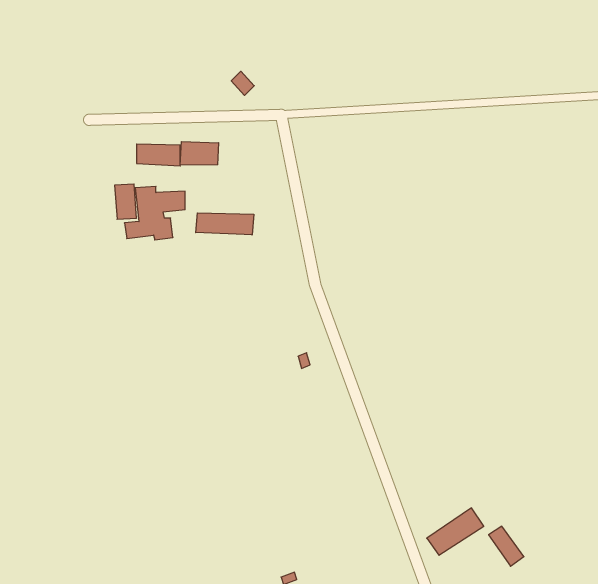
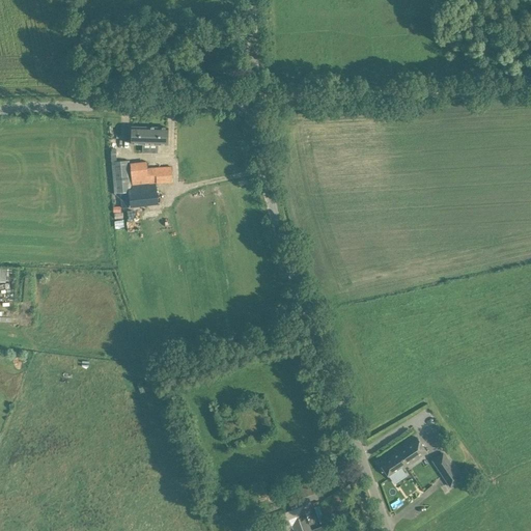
building: [180,142,219,165] -> none
building: [196,213,254,235] -> none

